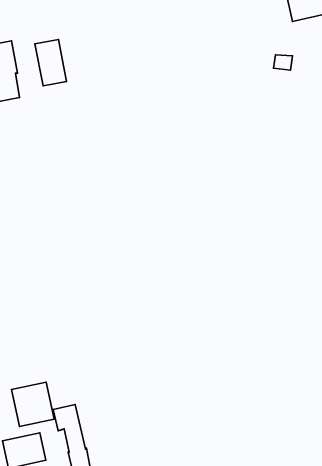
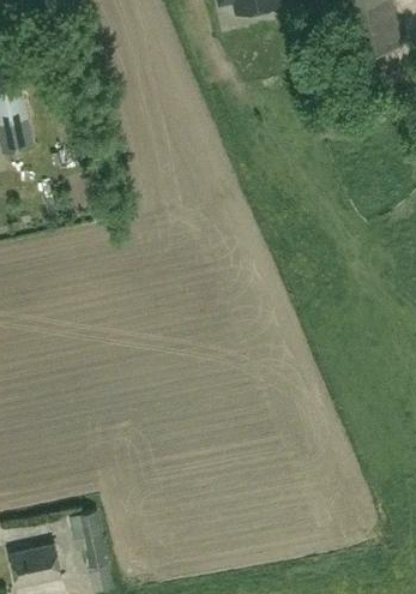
building: [35,39,67,86] -> none
building: [11,382,54,426] -> none

